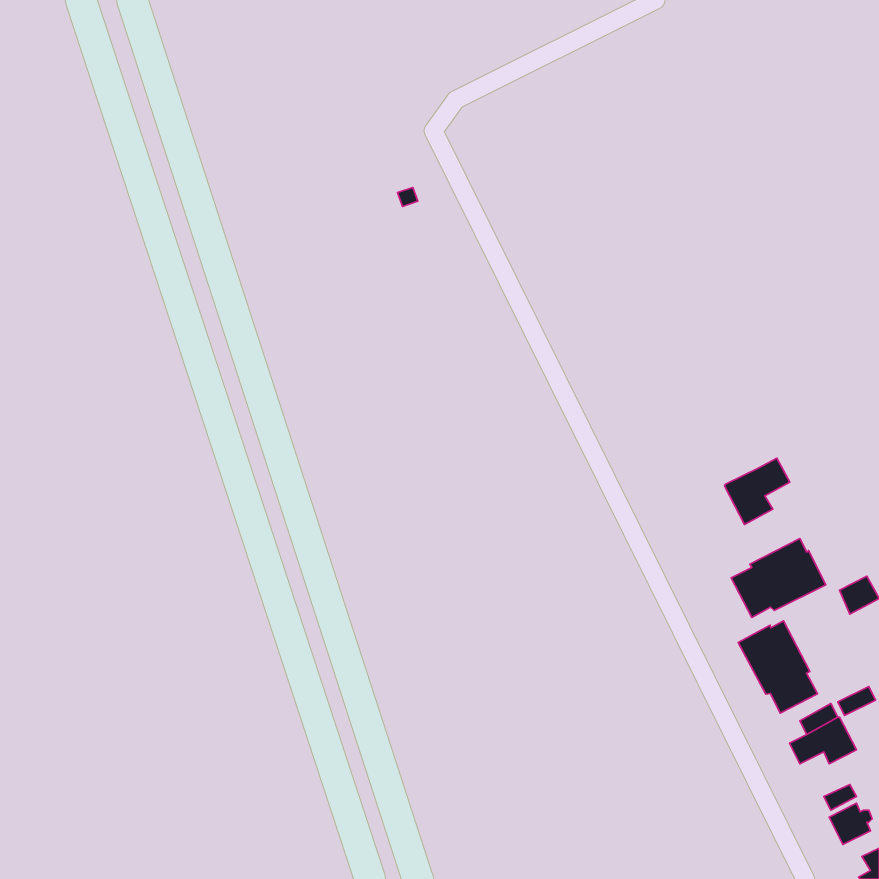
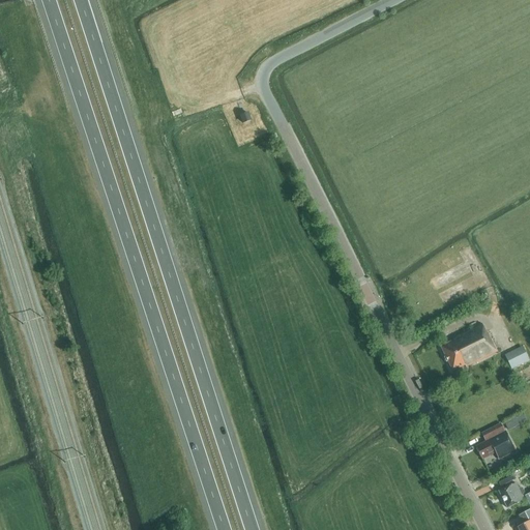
building: [724,458,790,525] -> none
building: [738,621,818,713] -> none

